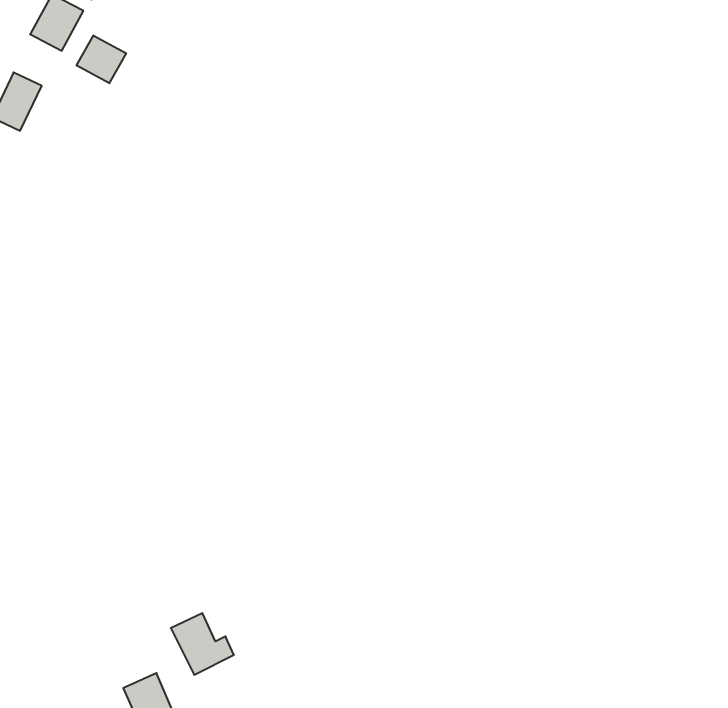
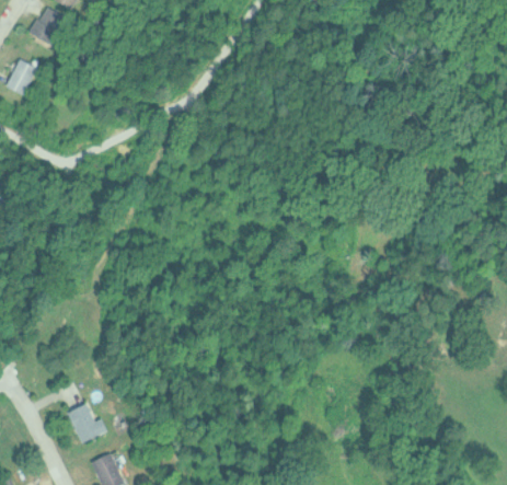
building: [77,35,126,83] -> none
building: [171,613,234,675] -> [66,404,107,444]

